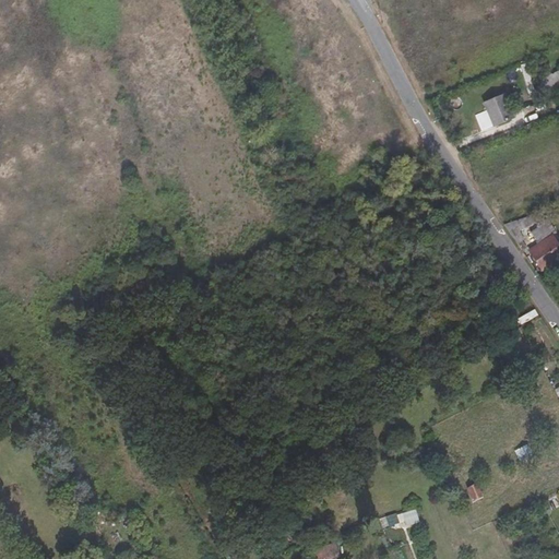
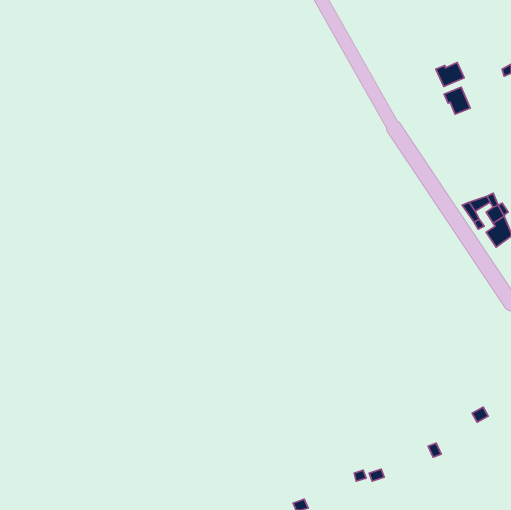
building: none -> [436,63,464,87]

